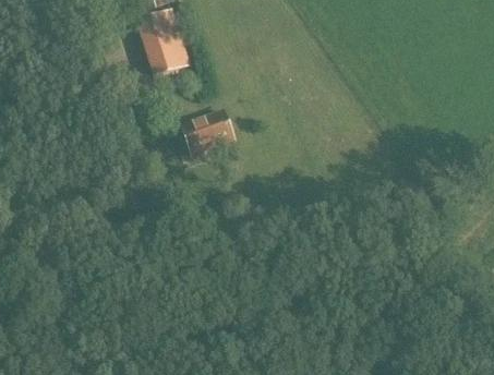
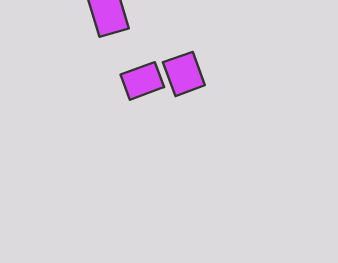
building: none -> [163,52,205,96]

